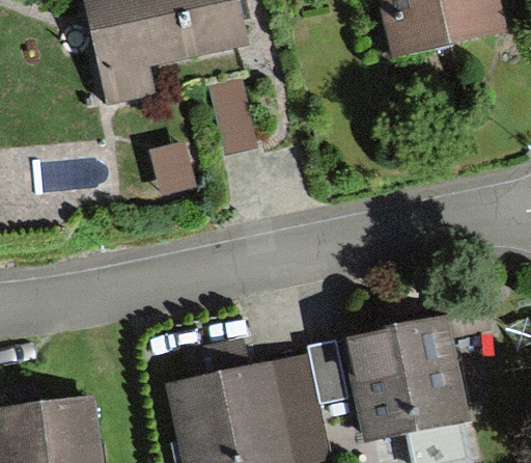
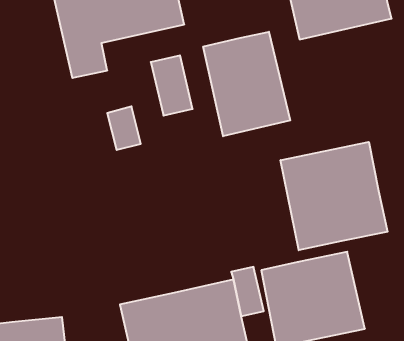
building: none -> [203,32,290,136]
building: none -> [281,142,388,250]

